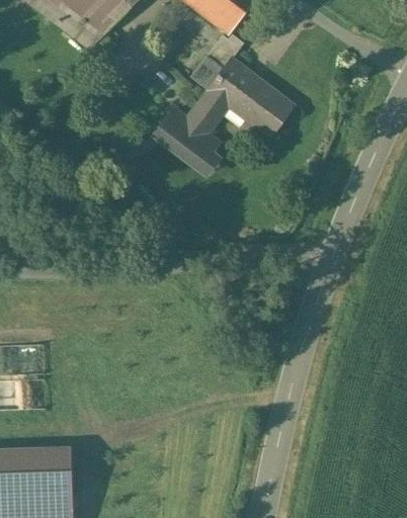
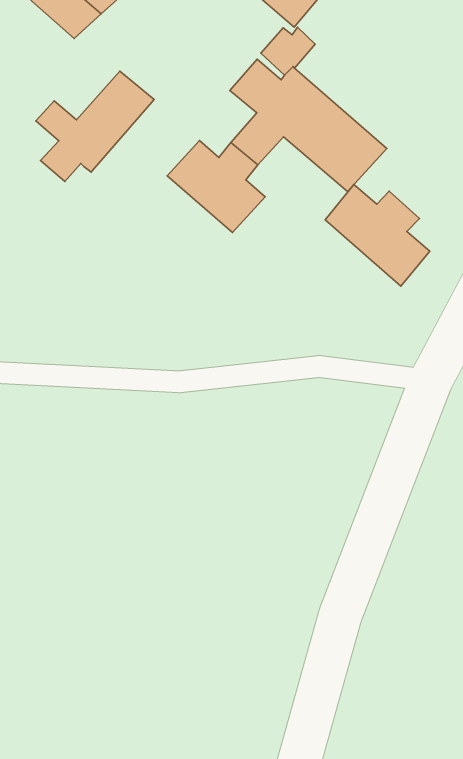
building: none -> [36,71,154,182]
building: none -> [325,185,430,286]

